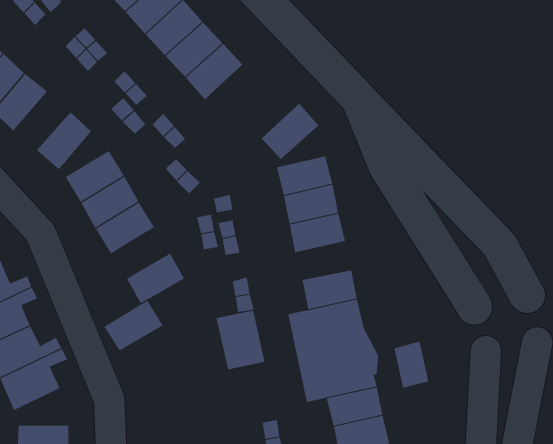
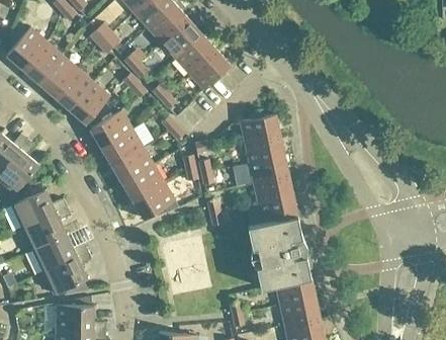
building: none -> [54,69,94,110]
building: [261,103,319,160] -> [189,50,231,90]
building: none -> [253,175,293,202]
building: [104,300,163,351] -> [122,165,165,201]
building: [216,310,265,370] -> none
building: [394,341,429,389] -> none

